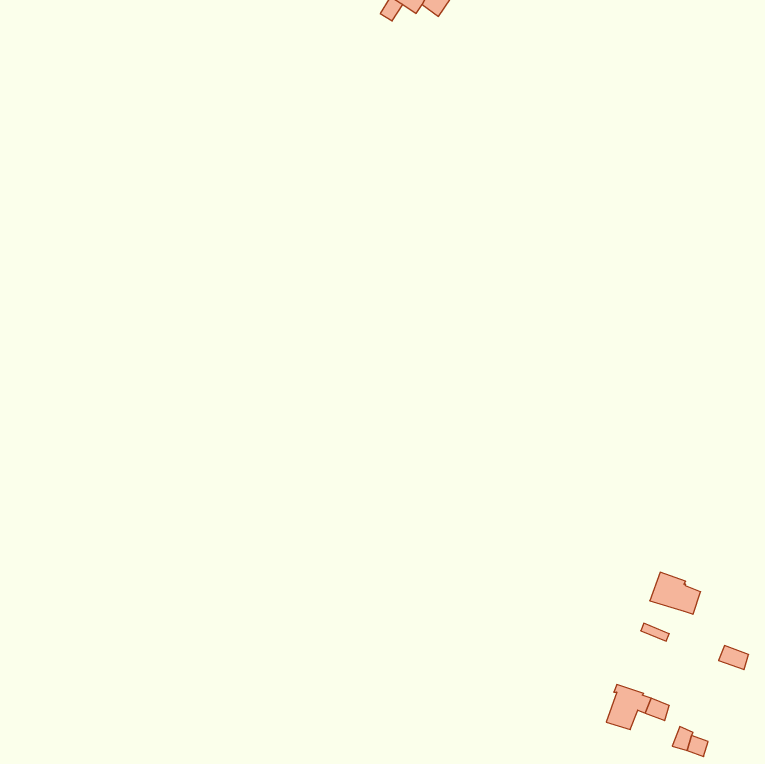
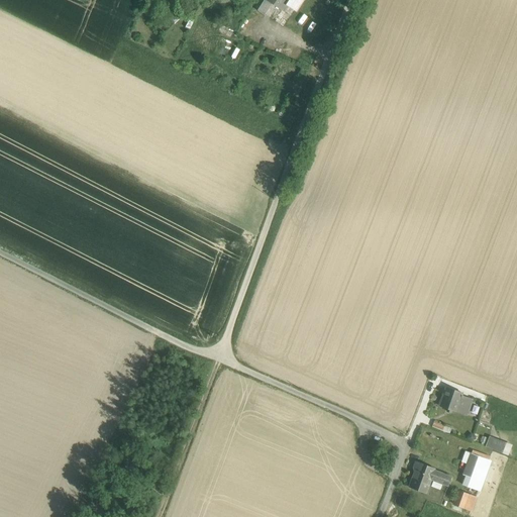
building: none -> [463,452,490,490]

